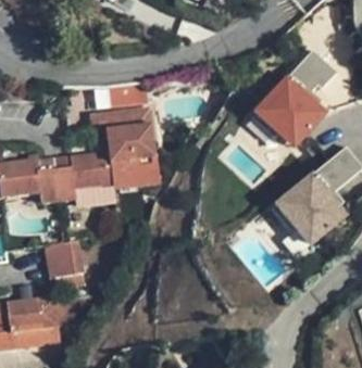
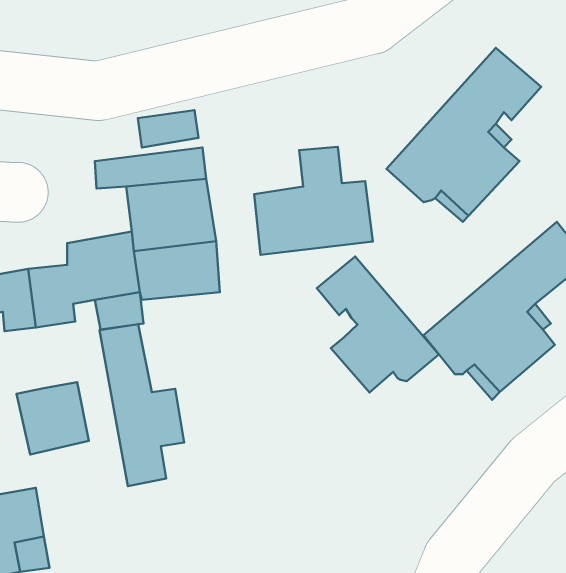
building: none -> [254,147,373,255]
building: none -> [317,256,439,392]
building: none -> [99,324,184,486]

